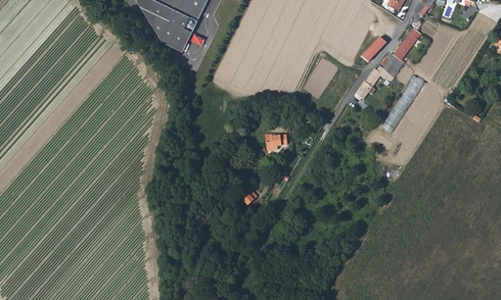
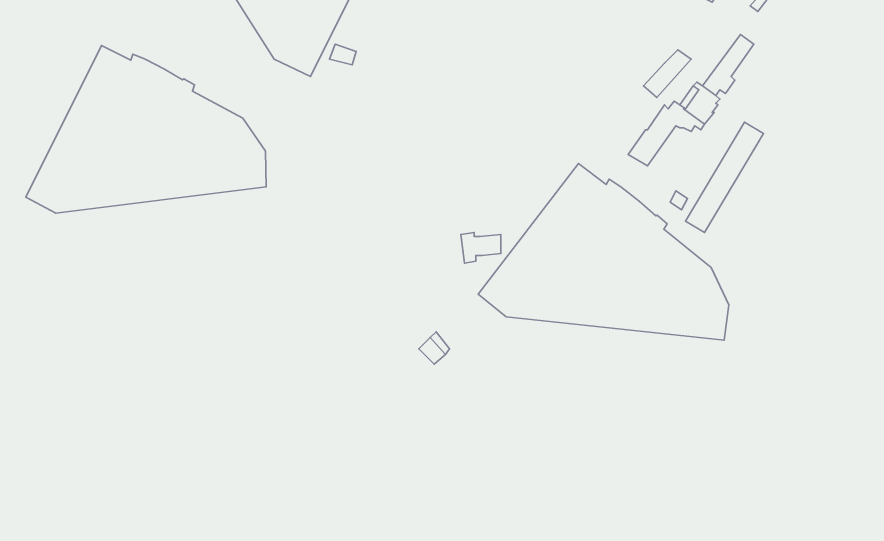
building: none -> [26,46,266,213]
building: none -> [478,163,729,340]

